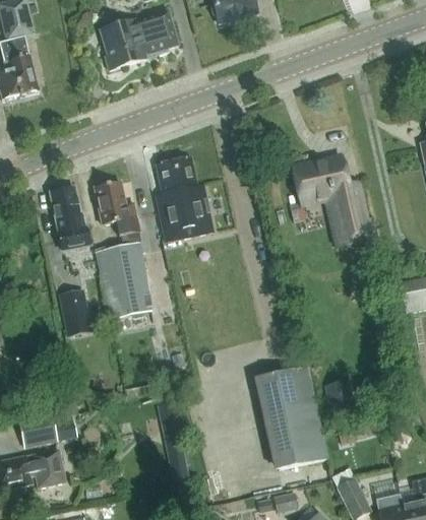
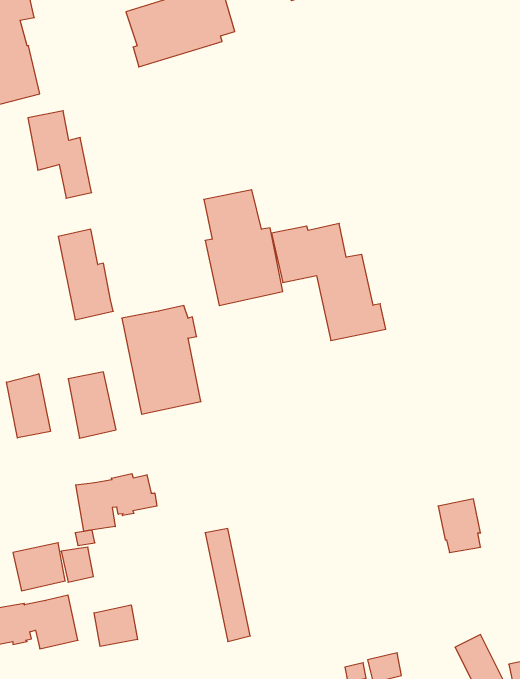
building: [293,158,375,243] -> [271,223,386,341]
building: [96,182,141,245] -> [28,111,92,198]
building: none -> [6,374,50,438]
building: none -> [76,474,157,531]
building: [259,367,326,468] -> none
building: none -> [94,605,138,646]

